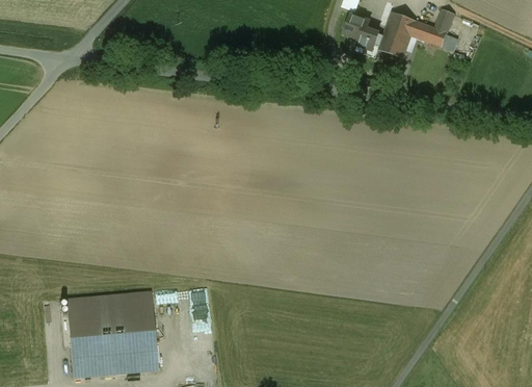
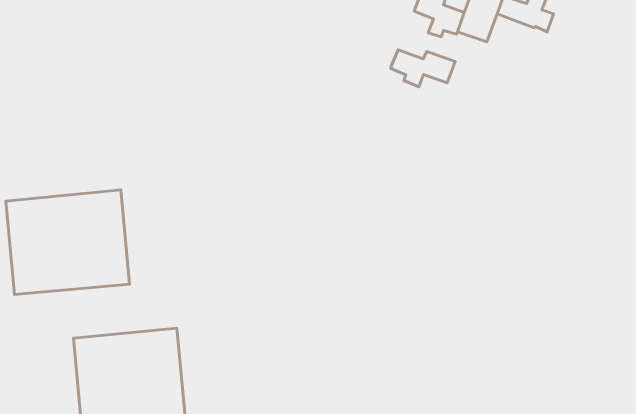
building: none -> [391,50,455,87]
building: none -> [6,190,130,295]

